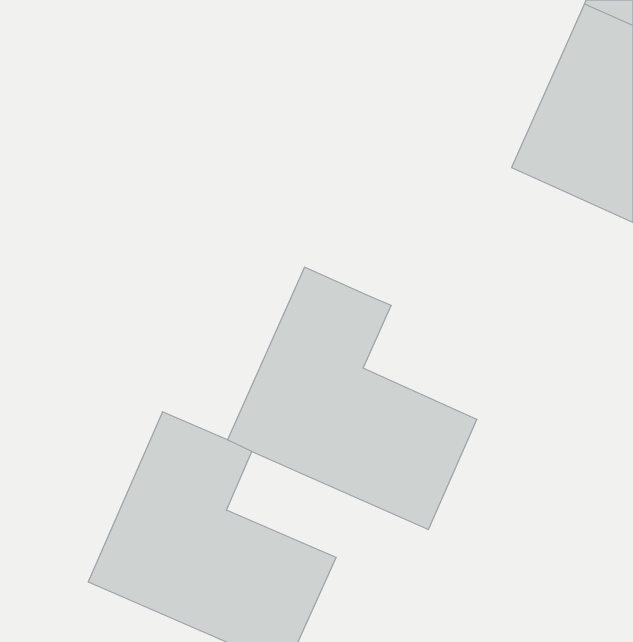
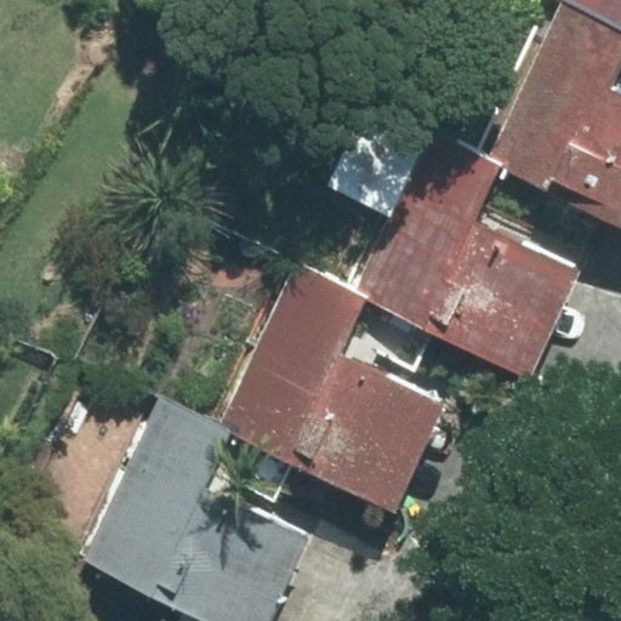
building: none -> [352,141,587,378]

